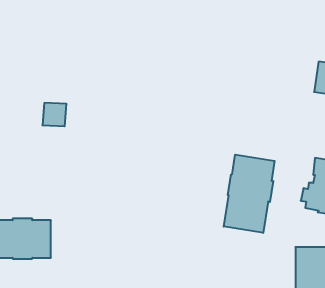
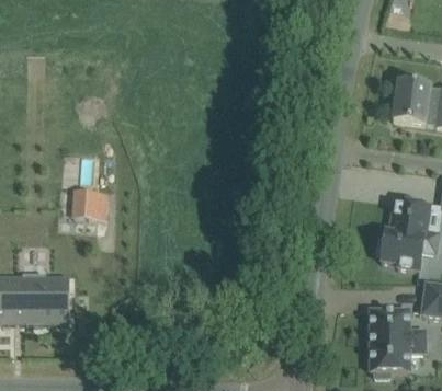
building: [42,103,67,126] -> [72,189,102,218]
building: [224,155,275,233] -> none

